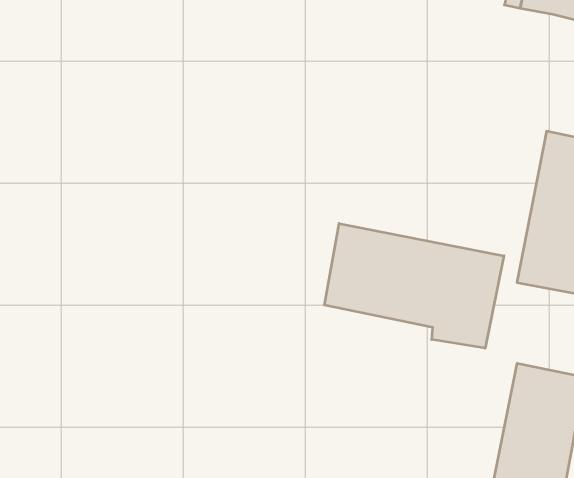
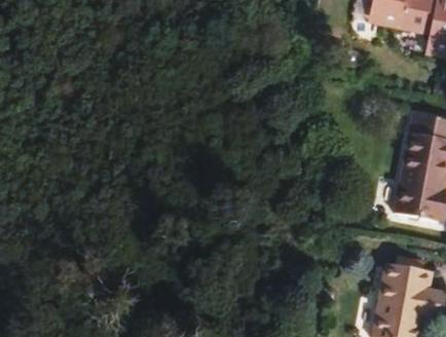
building: [324,223,504,348] -> none

